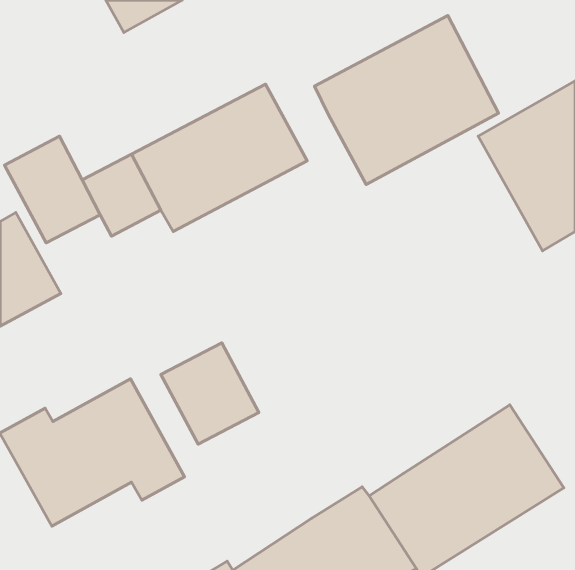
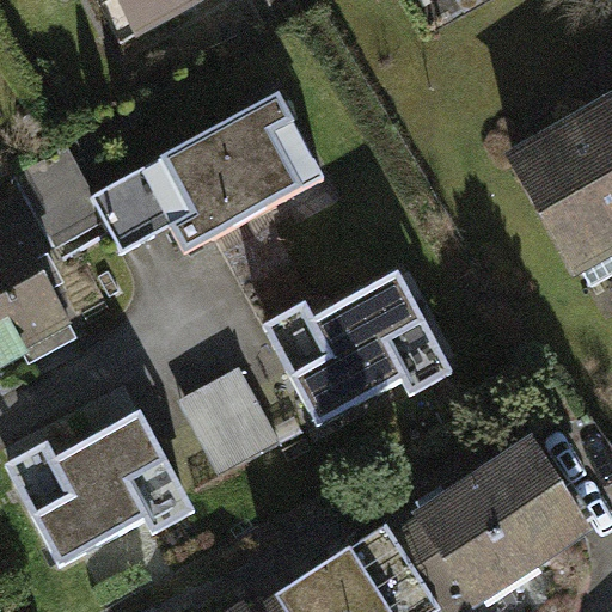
building: [315,16,498,185] -> none
building: none -> [263,269,459,424]

